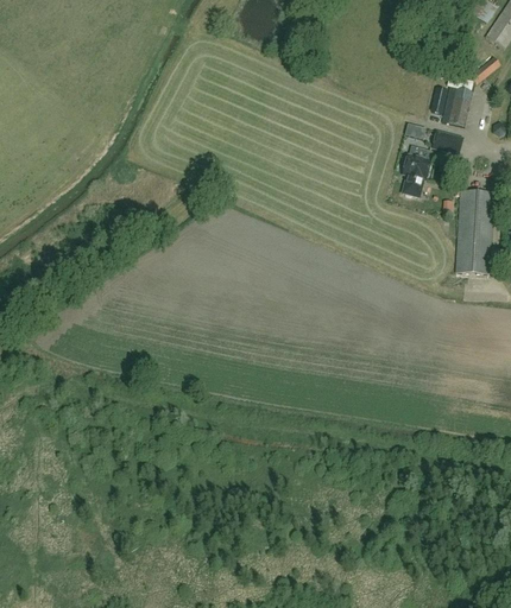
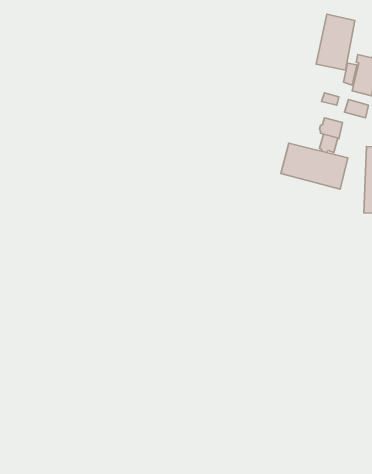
building: none -> [316,14,355,70]
building: none -> [281,143,348,189]

